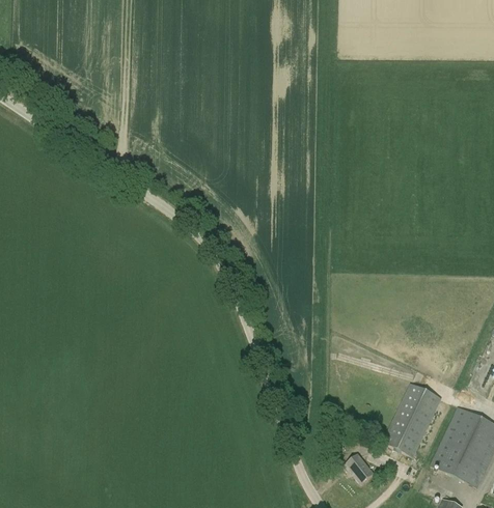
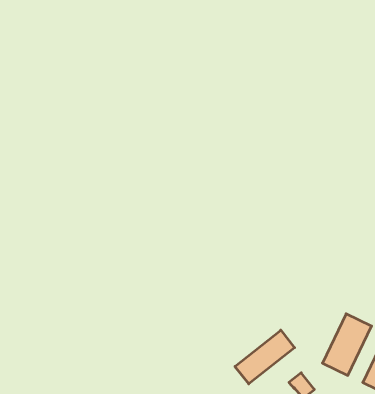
building: none -> [235,330,295,384]

